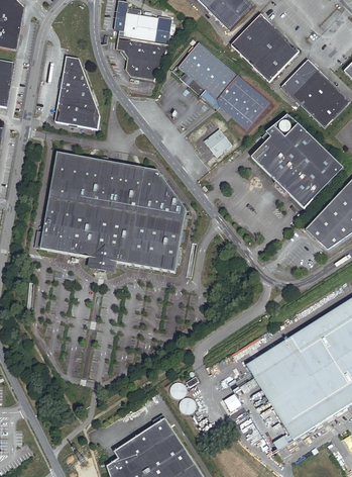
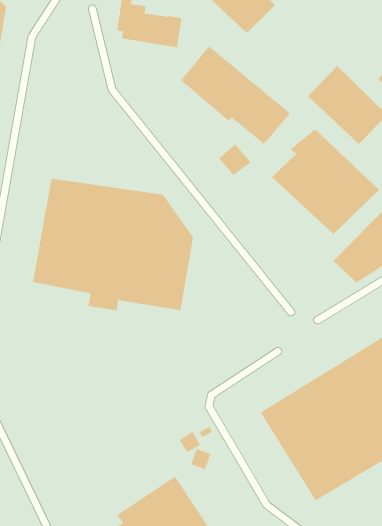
building: [230,12,300,82] -> none
building: [117,34,169,79] -> none
building: [51,55,97,127] -> none

